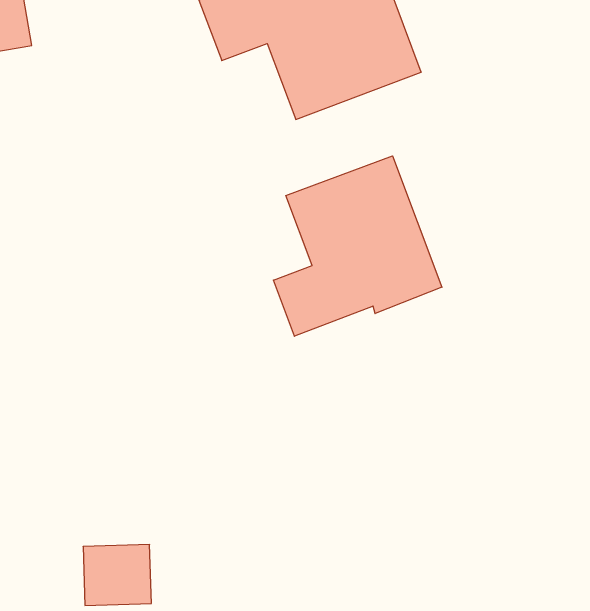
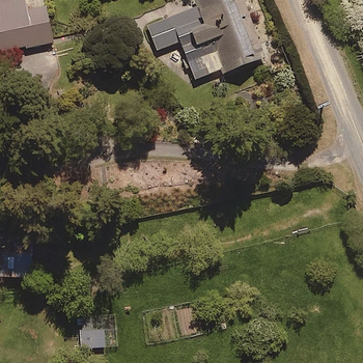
building: [273,156,442,336] -> none

